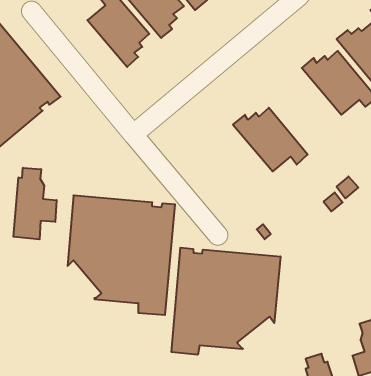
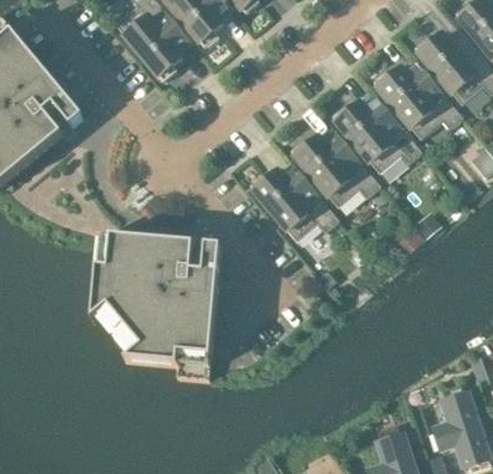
building: none -> [331,97,421,174]
building: none -> [249,165,339,242]
building: [13,168,57,239] -> none
building: [171,248,280,355] -> none

